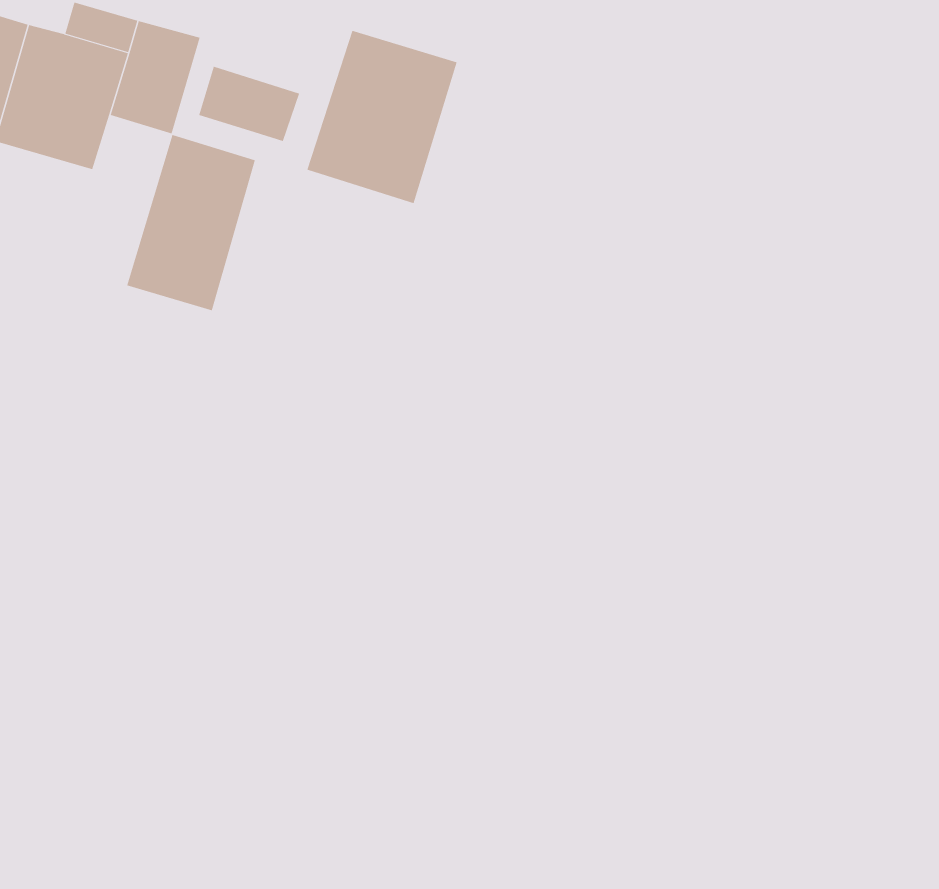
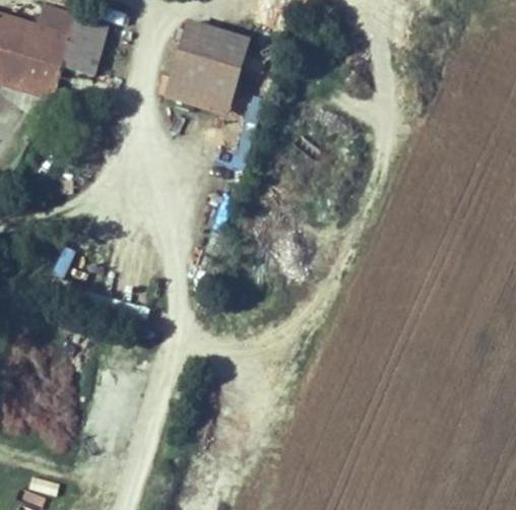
building: [198,66,300,142] -> none
building: [127,134,256,311] -> none

